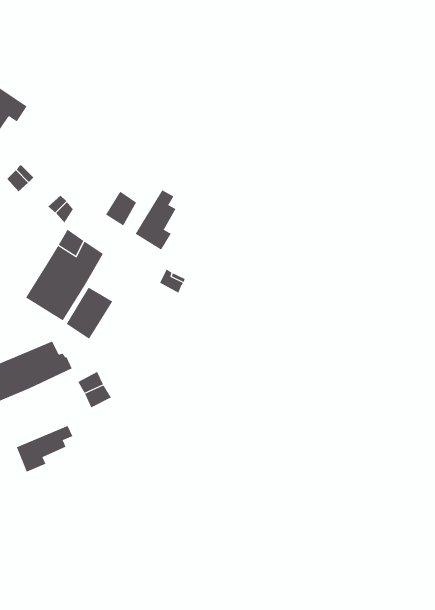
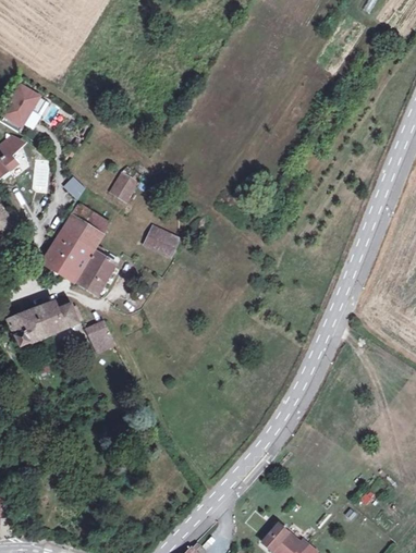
building: [135,189,176,250] -> none
building: [16,425,73,472] -> none

